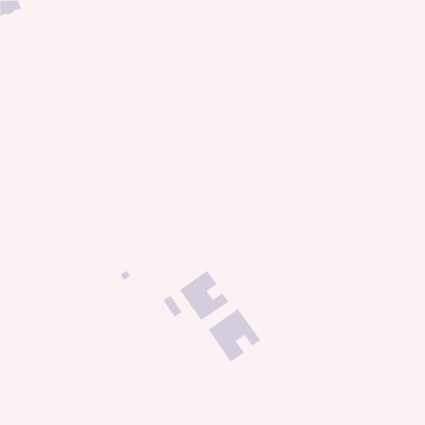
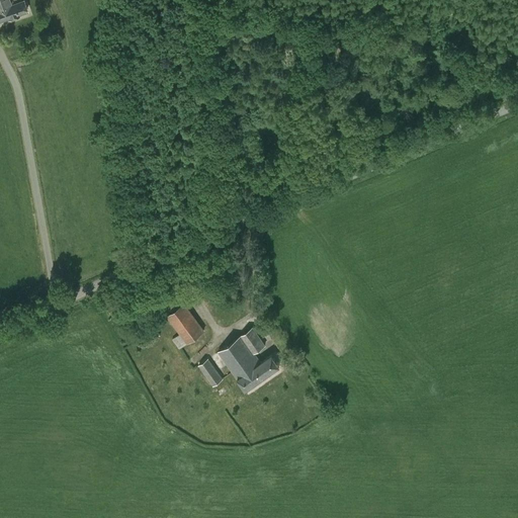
building: none -> [166,304,204,350]
building: [208,308,261,362] -> none

